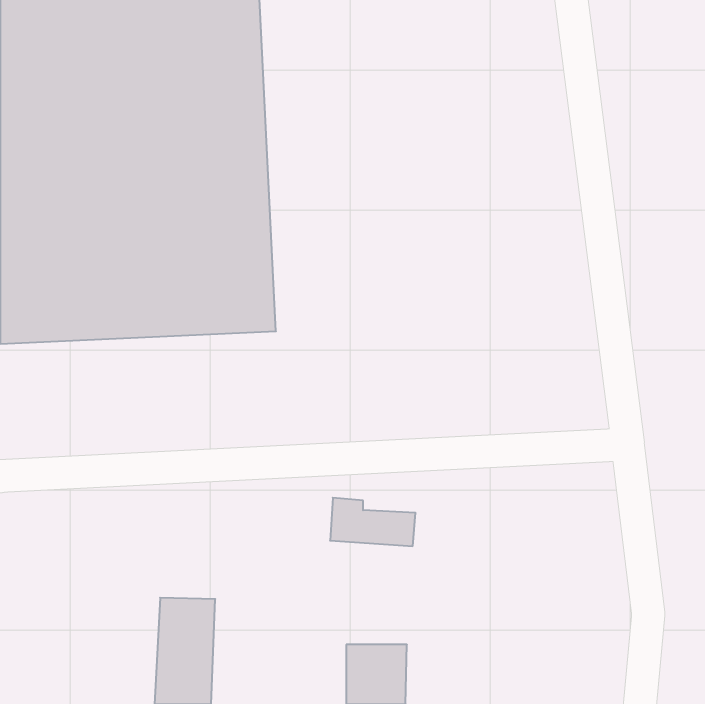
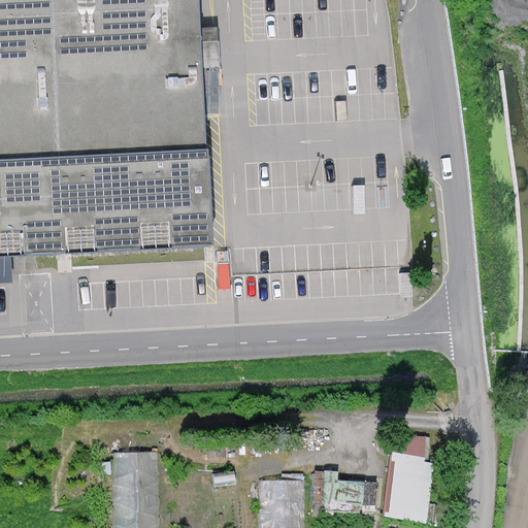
building: [330,498,416,546] -> [311,471,375,507]
building: none -> [380,431,433,522]

